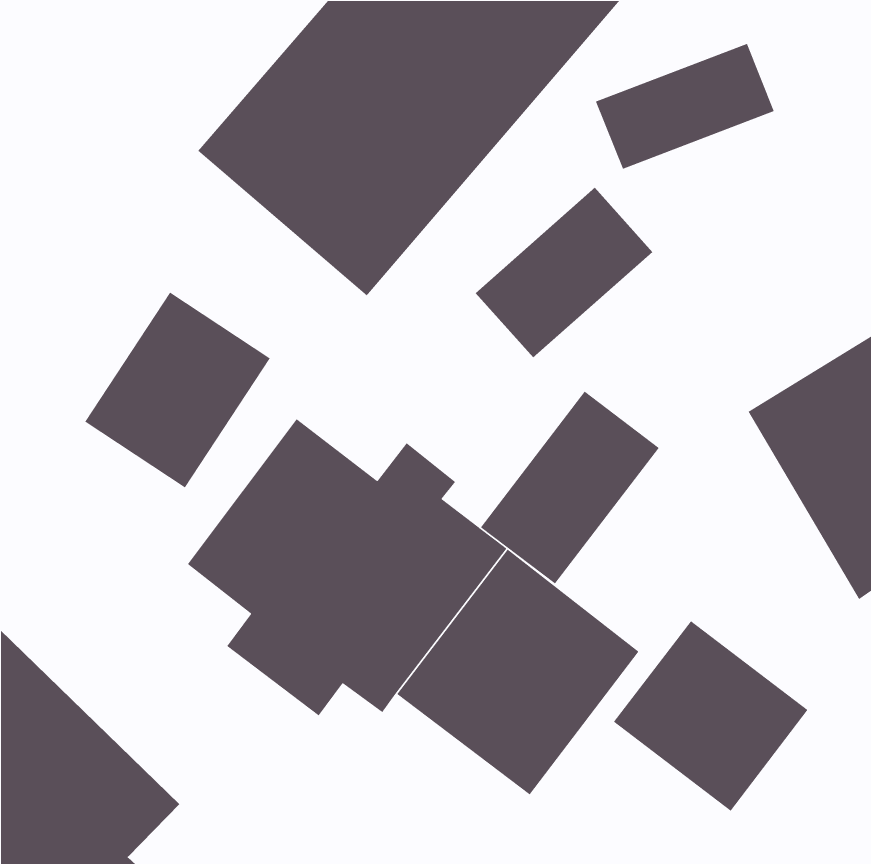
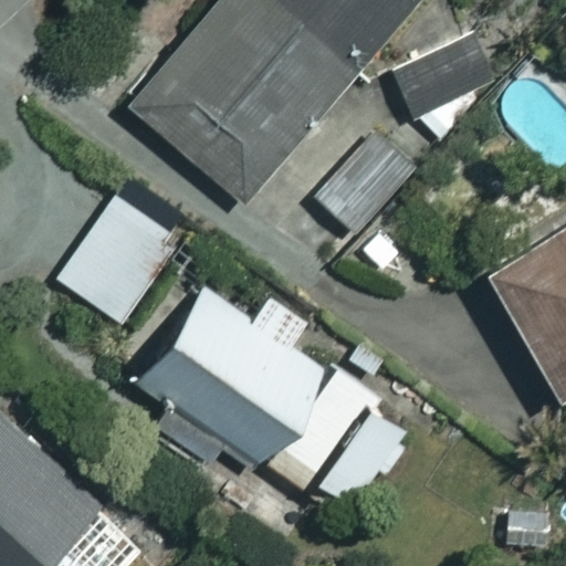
building: [480,391,660,585] -> none
building: [613,620,809,812] -> none

